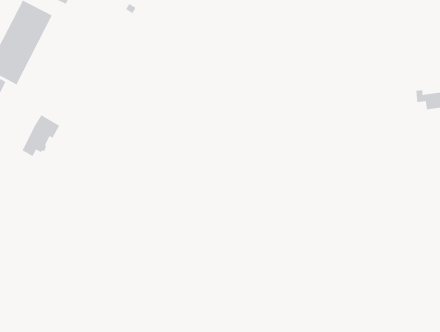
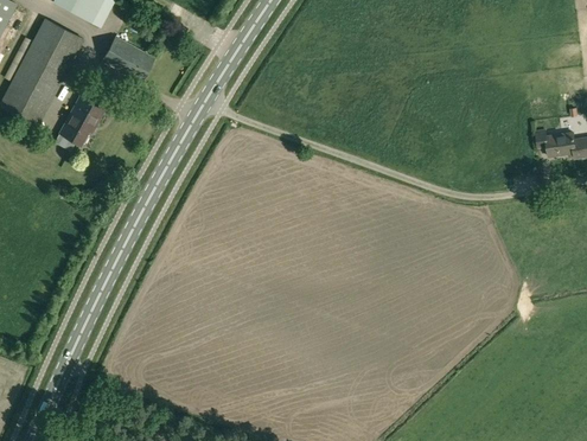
building: none -> [102,36,155,82]
building: [21,114,60,157] -> [56,96,104,149]

